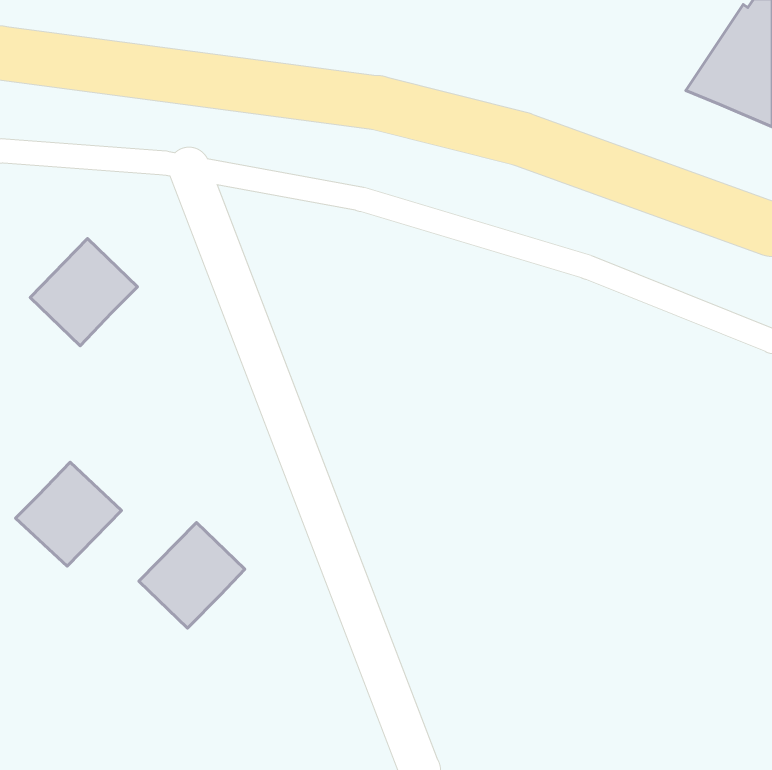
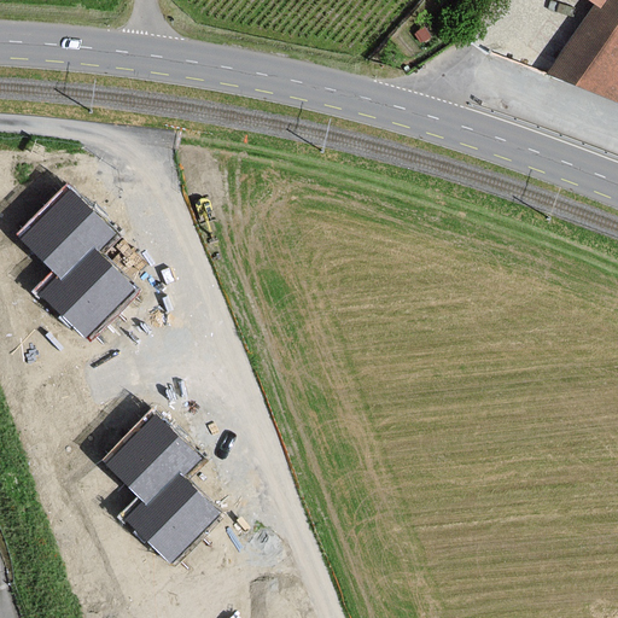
building: [16,462,121,566] -> [46,250,130,333]
building: none -> [133,476,216,559]

